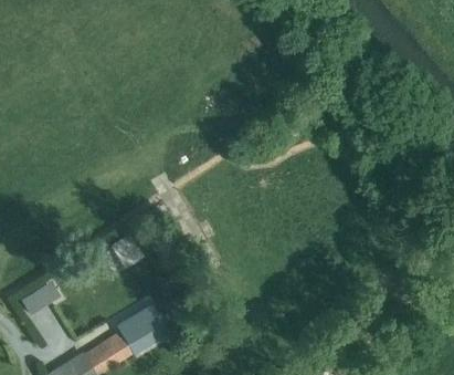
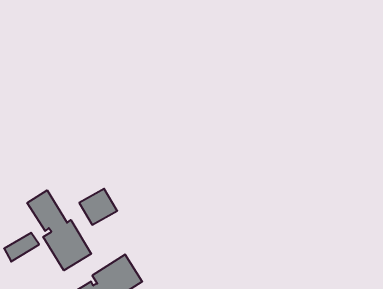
building: none -> [27,190,91,270]

